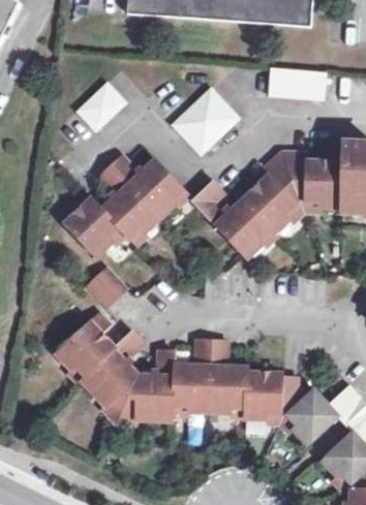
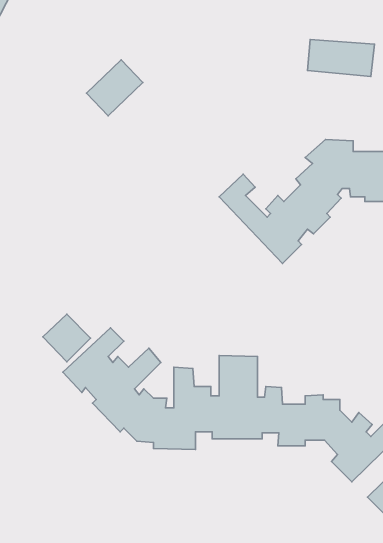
building: [170,86,238,154] -> none
building: [68,155,180,255] -> none
building: [84,267,125,309] -> [43,314,91,362]

